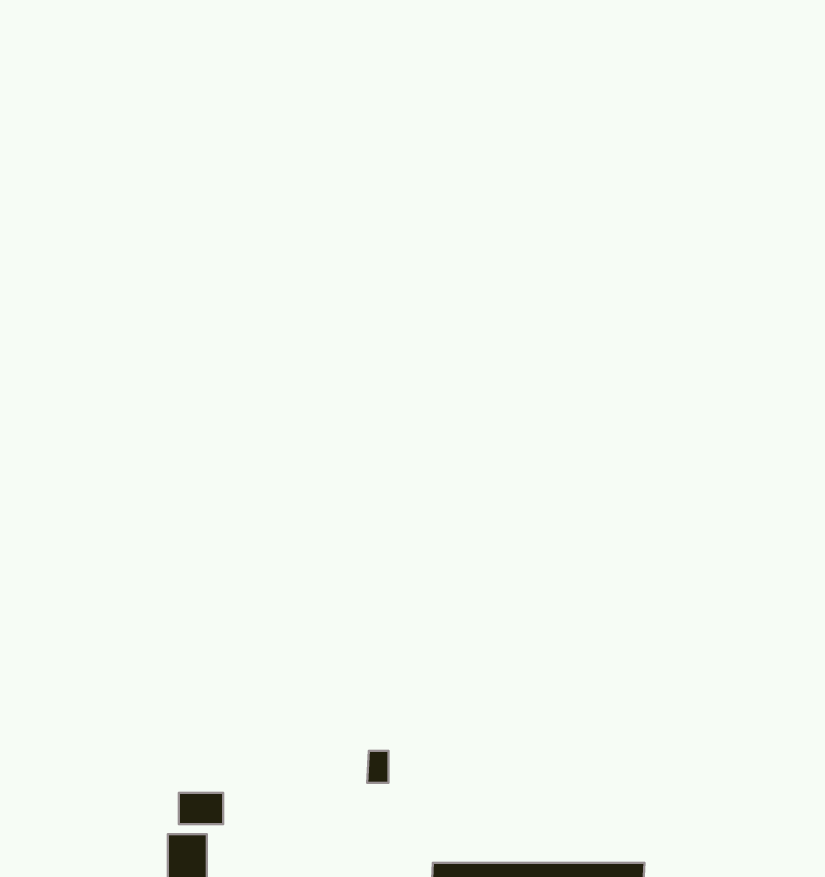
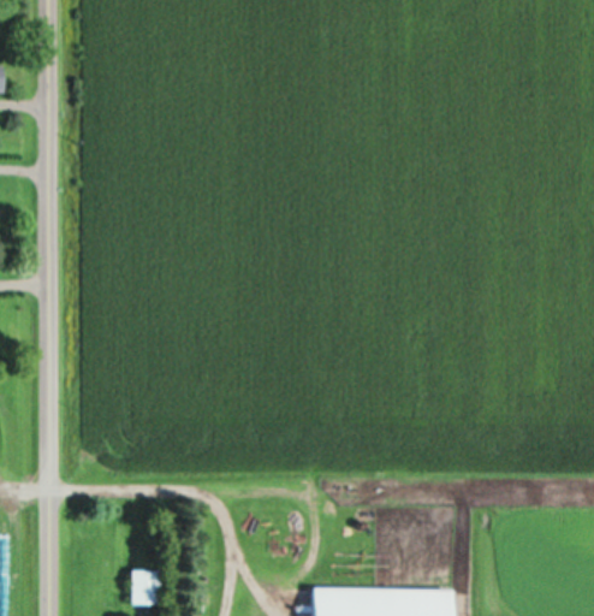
building: [179,793,223,824] -> none

